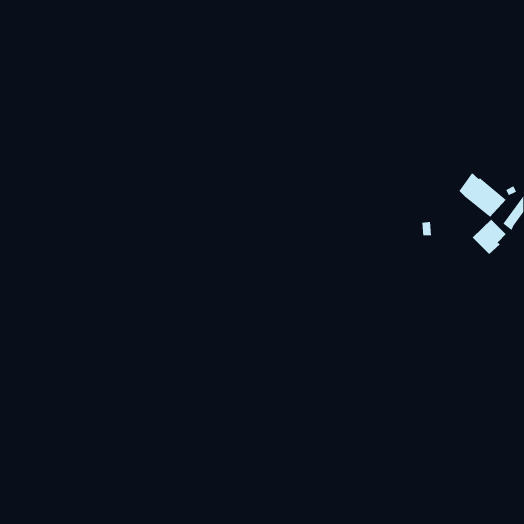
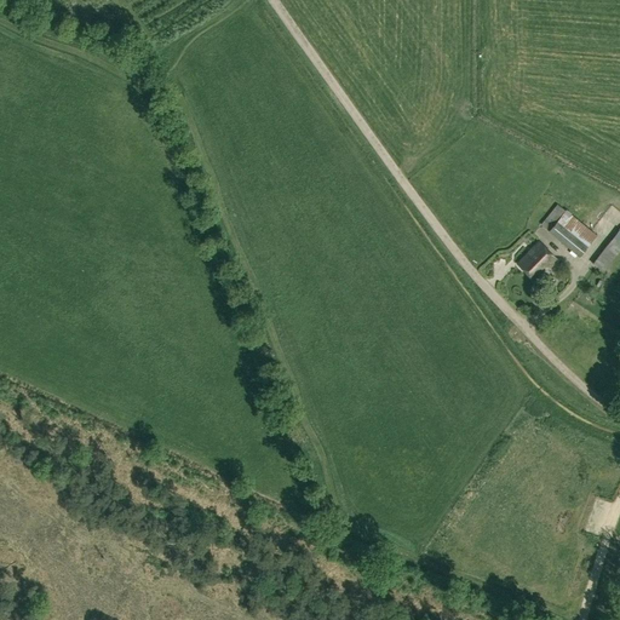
building: [472,219,507,255] -> [517,242,558,285]

